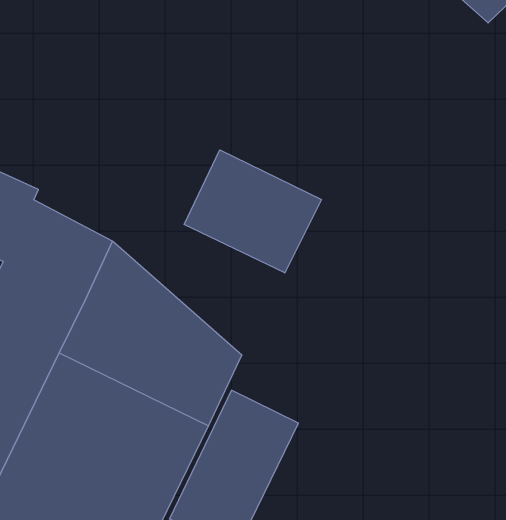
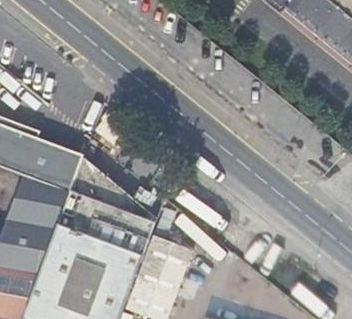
building: [184,150,321,273] -> none

